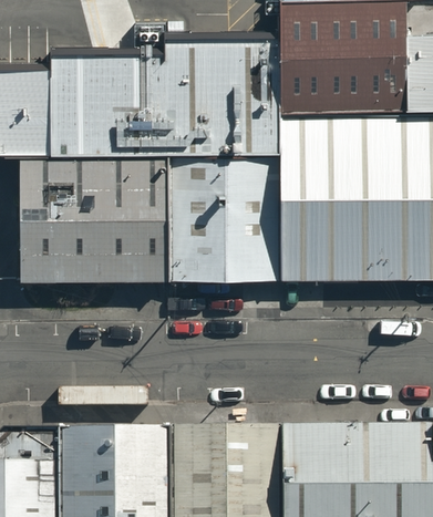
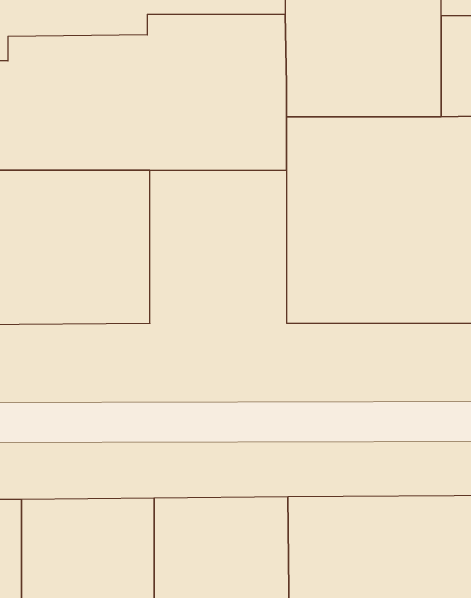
building: [166,161,277,285] -> none

